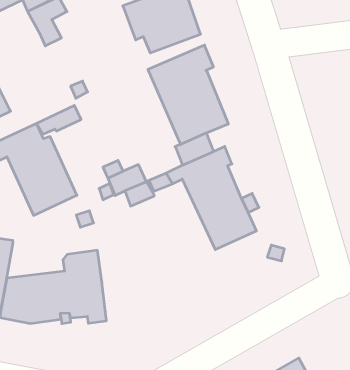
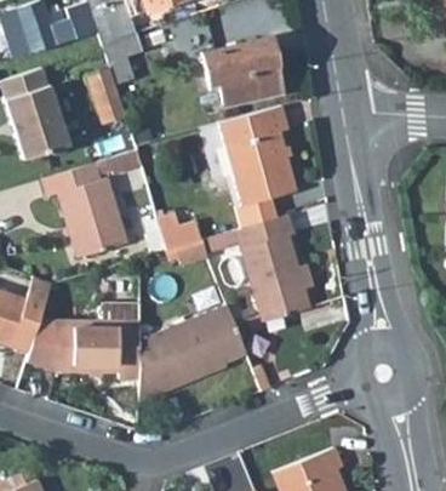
building: none -> [87,69,126,124]
building: none -> [138,304,246,401]

